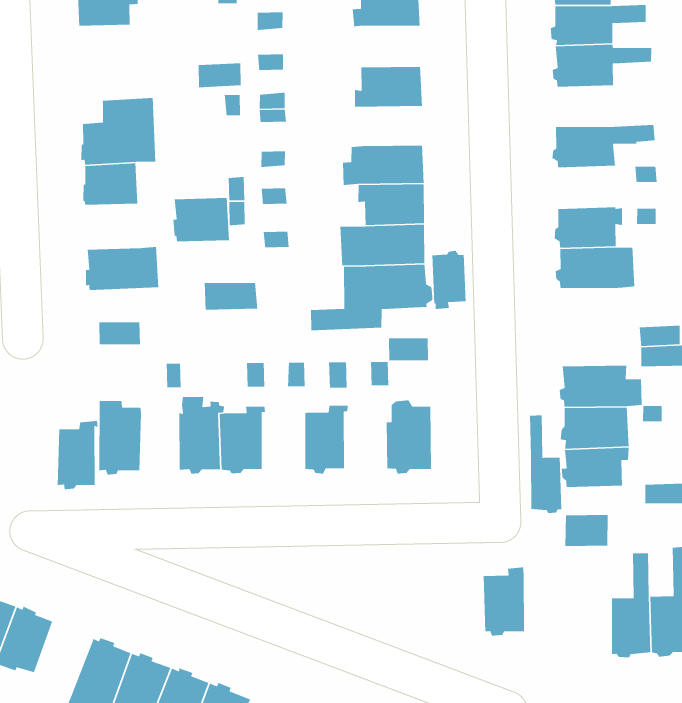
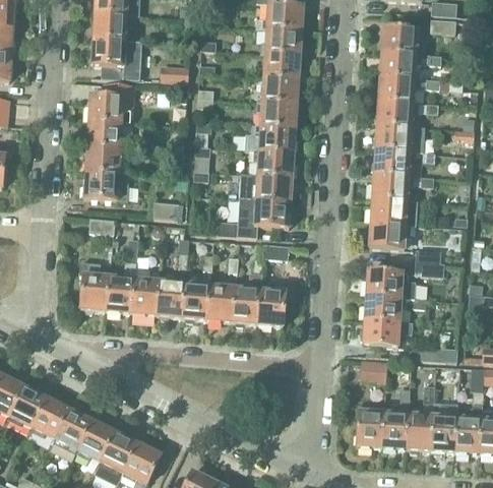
building: none -> [90,39,141,81]
building: none -> [257,54,300,81]
building: none -> [374,102,438,128]
building: none -> [255,103,297,129]
building: none -> [371,150,411,177]
building: [172,197,230,242] -> [84,147,119,176]
building: [432,250,467,310] -> none
building: none -> [367,224,406,250]
building: none -> [230,284,261,325]
building: none -> [180,280,209,321]
building: [529,415,562,514] -> none
building: [57,420,99,490] -> [106,273,134,314]
building: [483,567,525,637] -> [357,409,384,449]
building: none -> [28,398,68,440]

